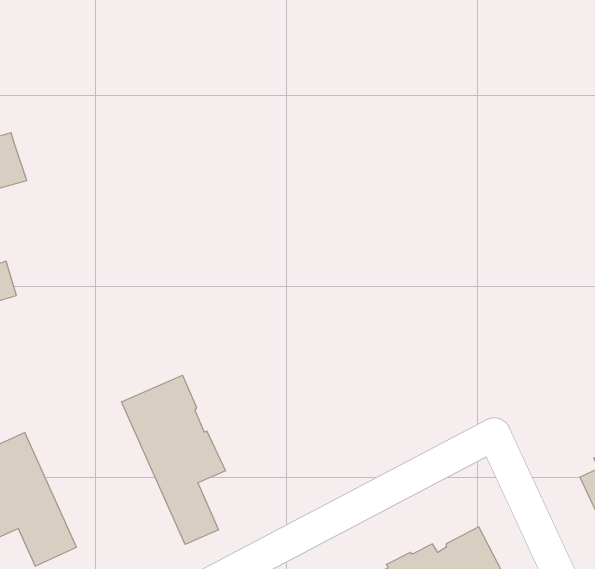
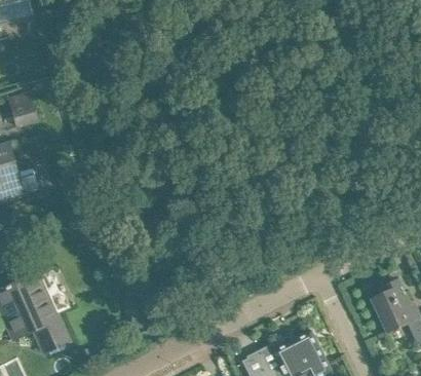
building: [122,375,225,544] -> none

